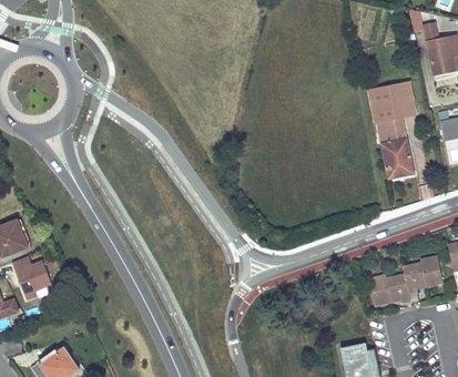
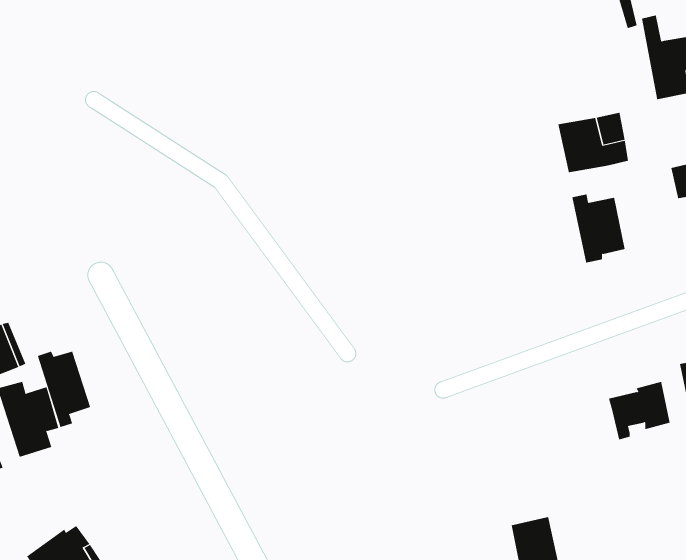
building: [377,118,407,141] -> none
building: none -> [37,351,91,428]
building: [368,274,410,305] -> none

